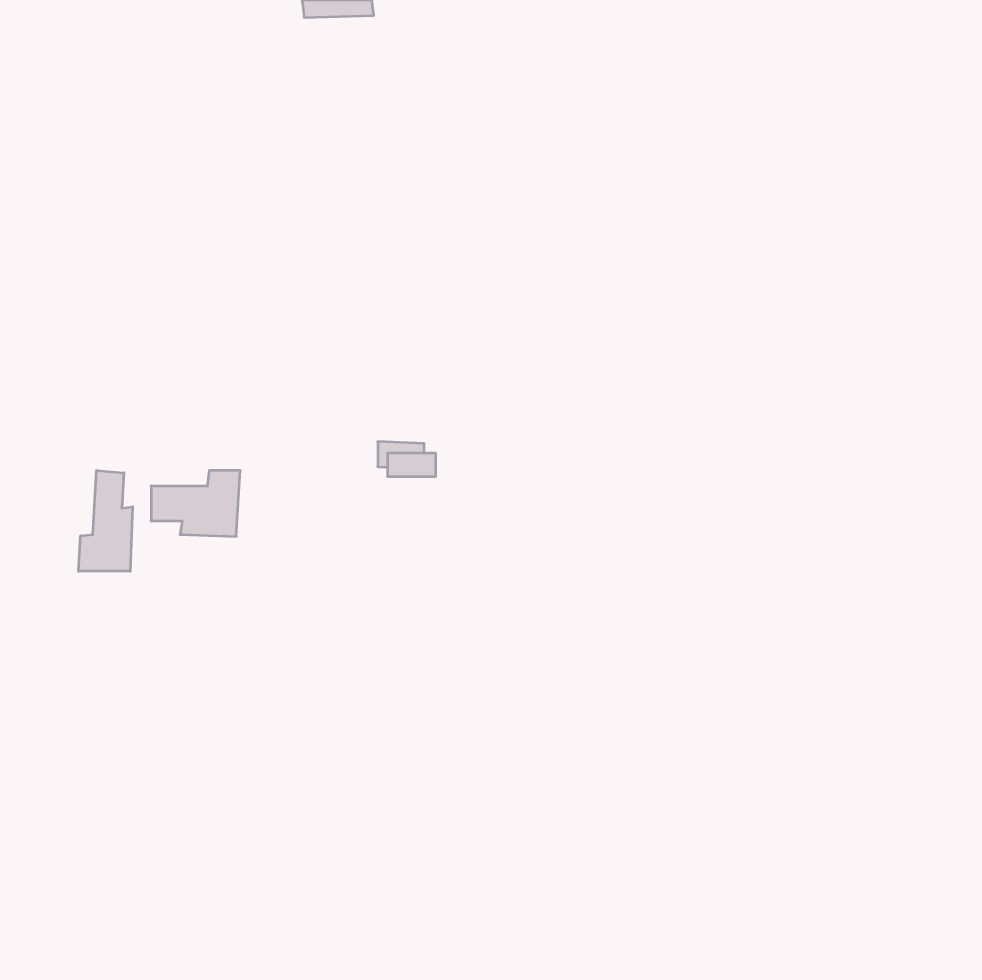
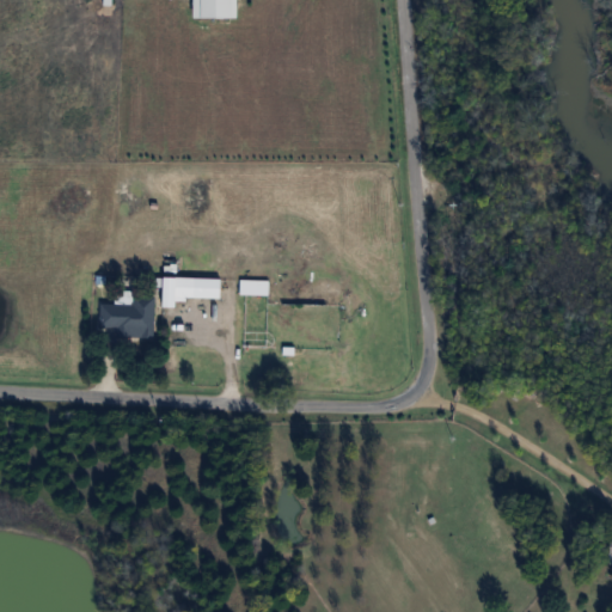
building: none -> [163,276,220,307]
building: [79,470,133,571] -> none

